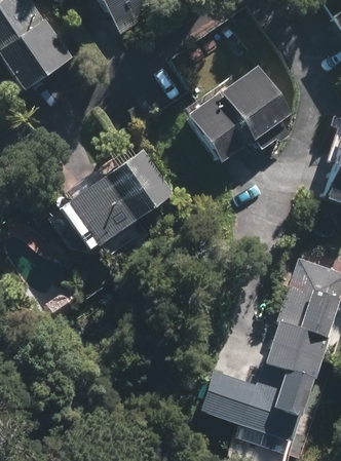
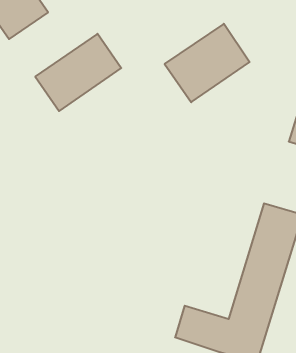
building: [74,157,166,240] -> [35,34,121,111]

